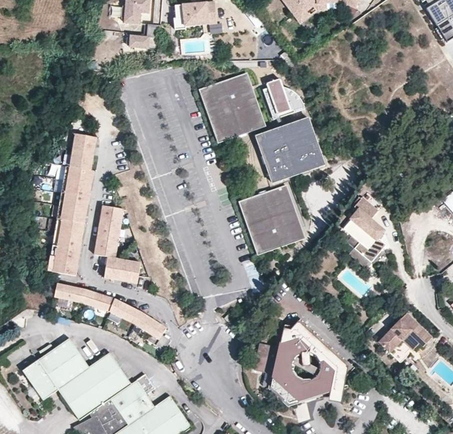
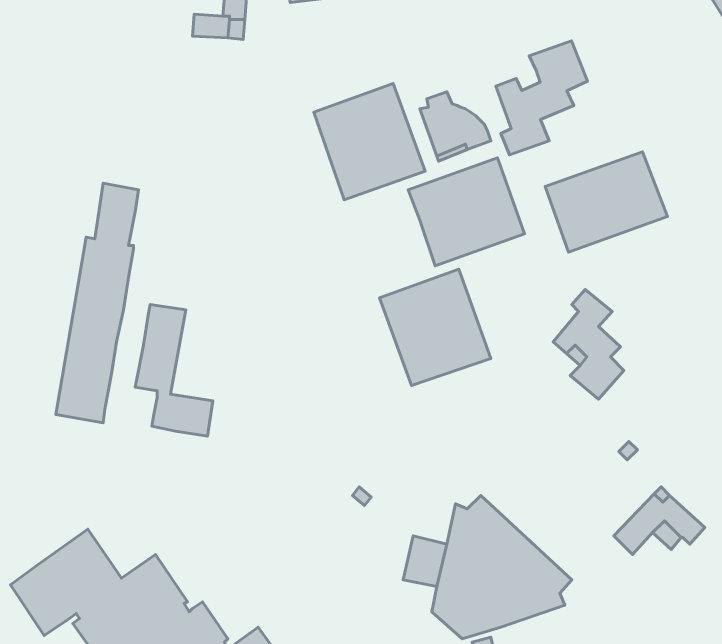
building: none -> [496,41,588,155]
building: none -> [545,152,668,252]
building: [51,280,170,349] -> none

